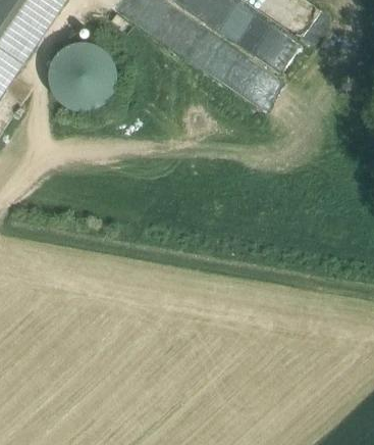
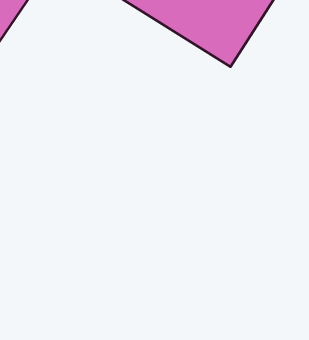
building: [51,46,111,109] -> none

